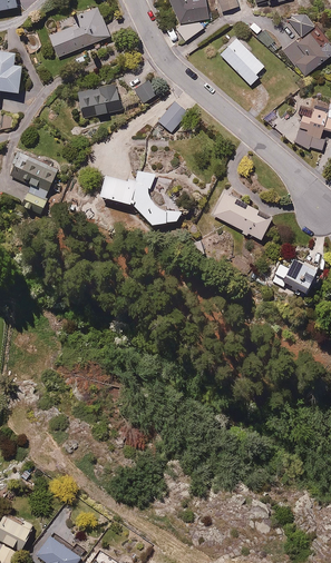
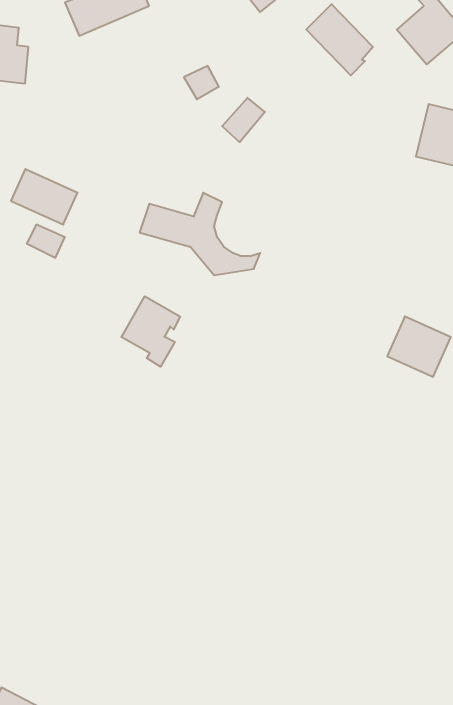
building: [75,81,120,118] -> none
building: [210,190,273,241] -> none
building: none -> [121,296,180,367]

